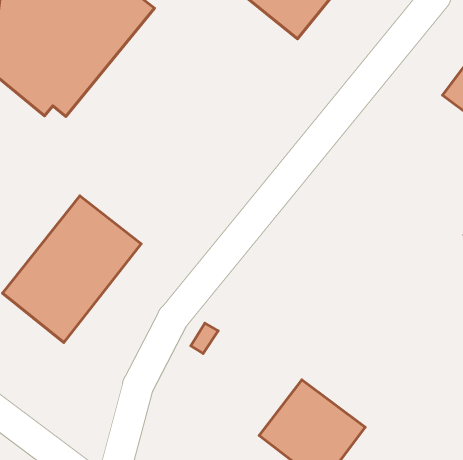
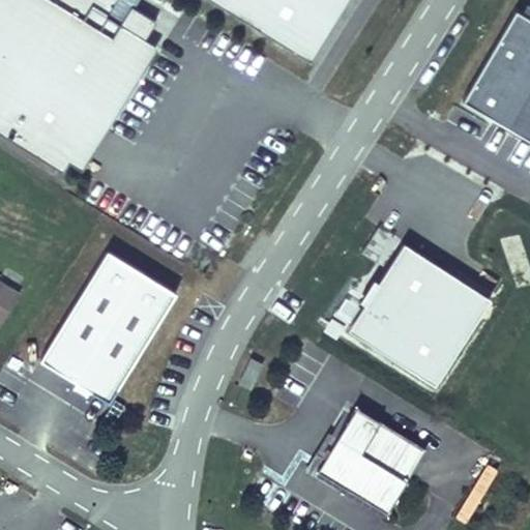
building: none -> [348,244,492,386]

